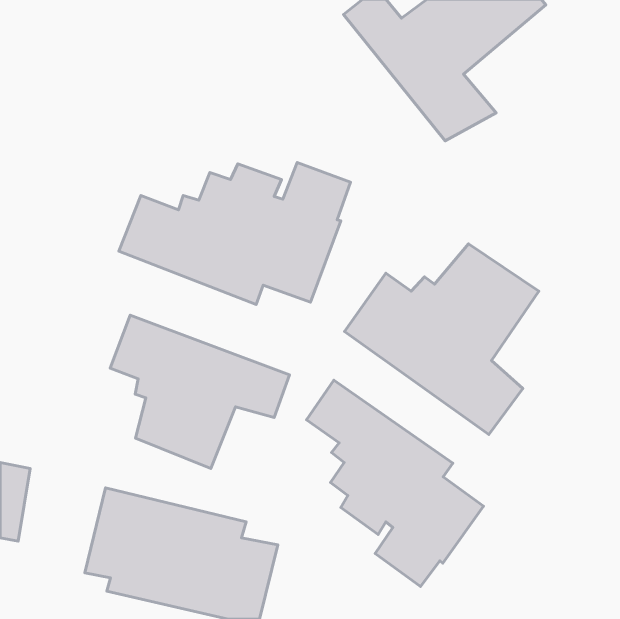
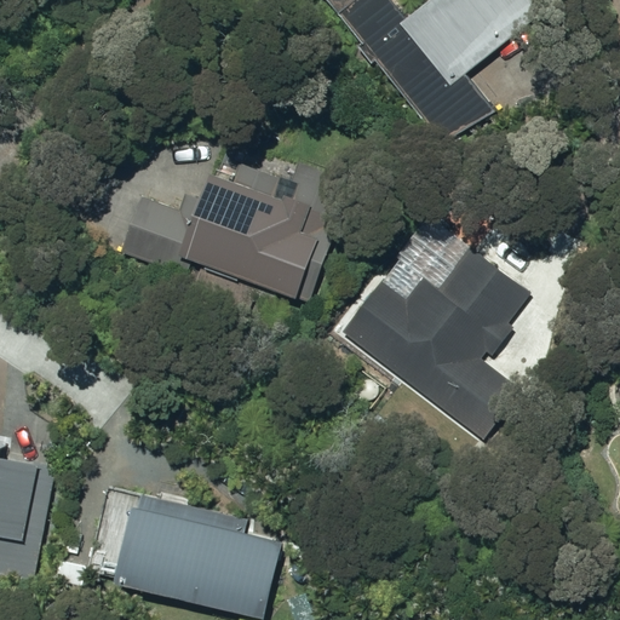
building: [110,315,289,468] -> none
building: [306,380,483,587] -> none

